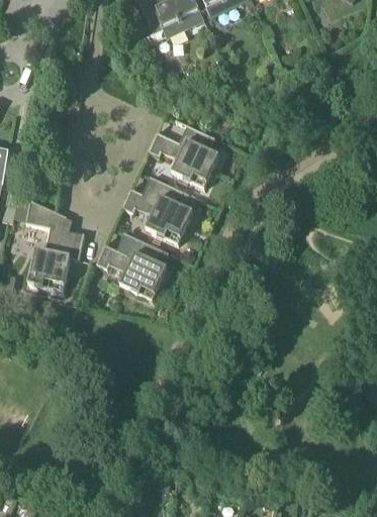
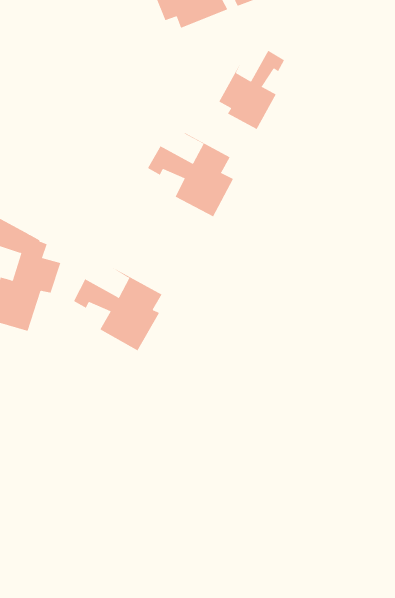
building: none -> [218,50,285,130]
building: [121,176,193,243] -> none

